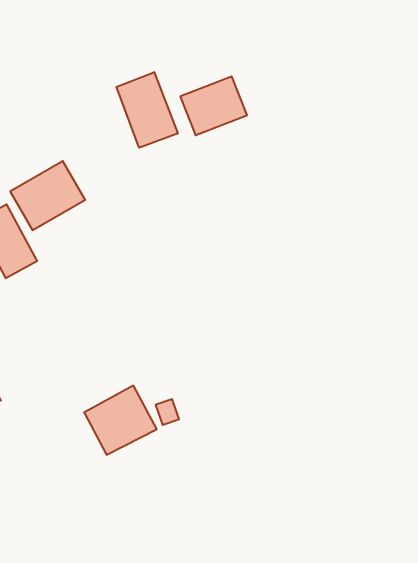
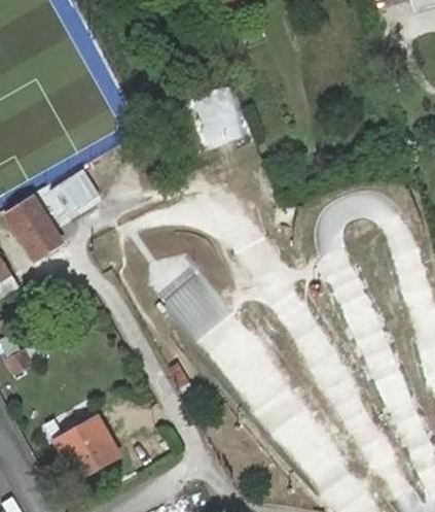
building: [116,72,178,148] -> none
building: [84,386,157,455] -> [55,416,118,477]

